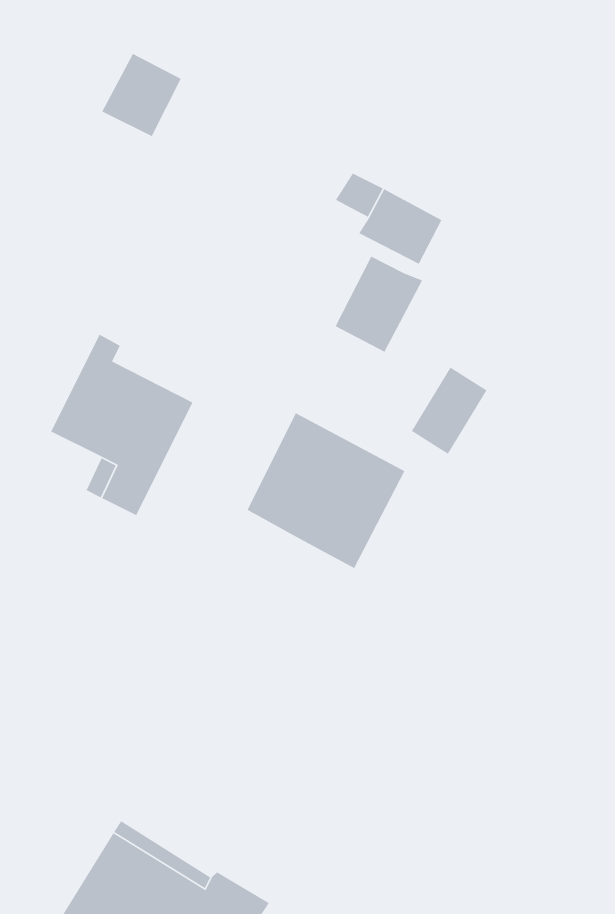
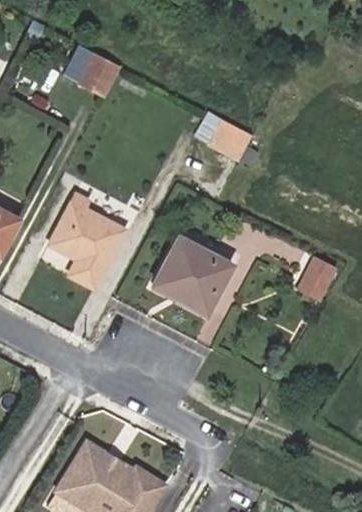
building: [335,255,423,353] -> none
building: [411,367,487,455] -> [295,256,334,301]

